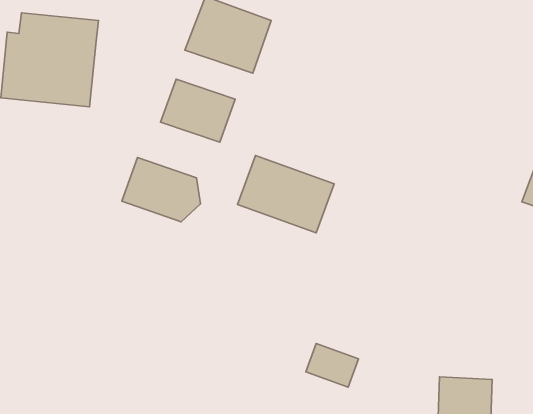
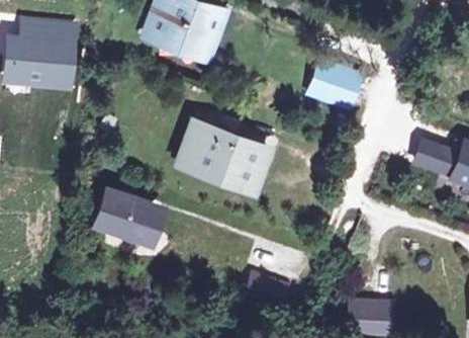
building: none -> [309,65,358,108]
building: [161,79,235,142] -> none
building: [122,157,200,222] -> [95,190,157,241]

